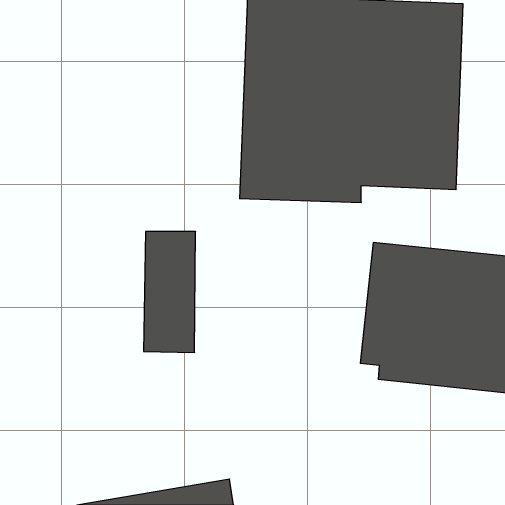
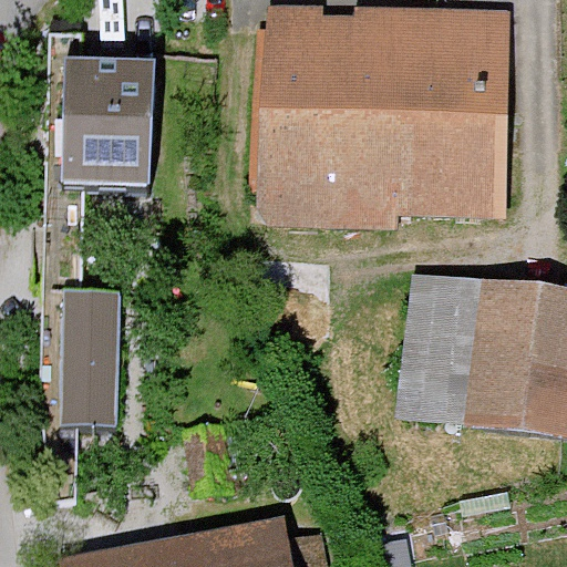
building: none -> [30,72,146,198]
building: [144,232,196,352] -> [44,301,102,435]

